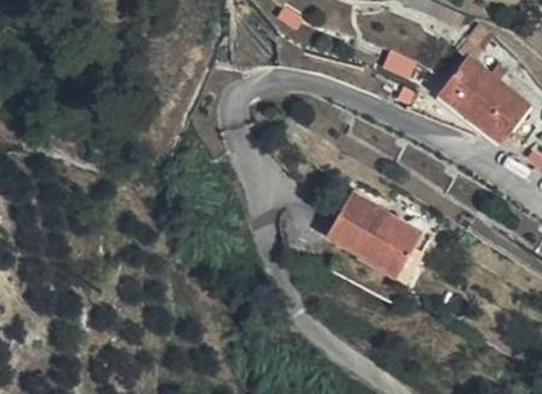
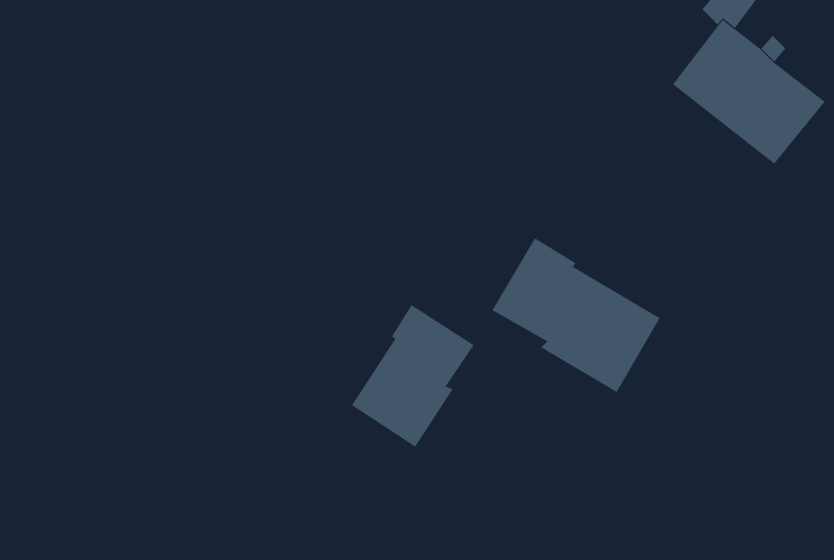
building: none -> [351,304,475,447]

